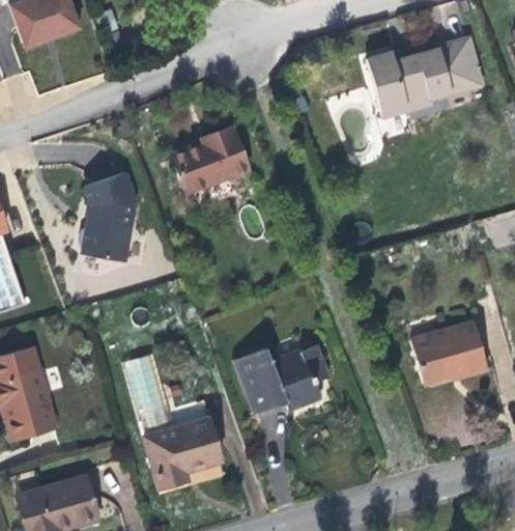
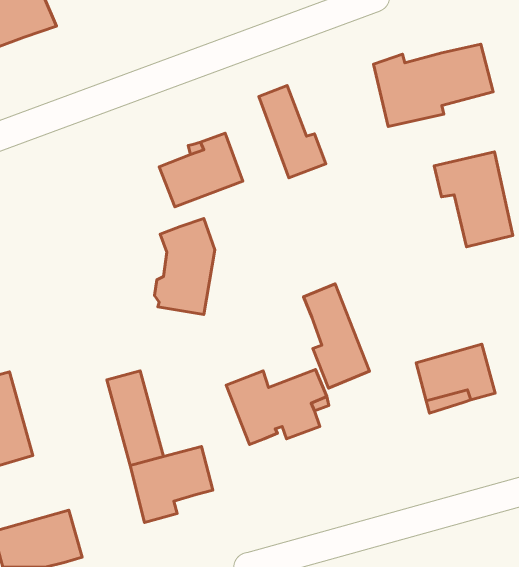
building: none -> [259,86,326,178]
building: none -> [434,152,513,247]
building: [79,168,135,257] -> [155,219,215,315]
building: none -> [304,284,370,388]

